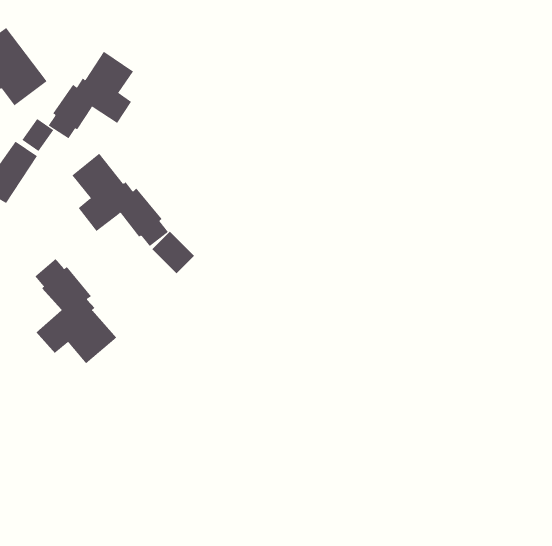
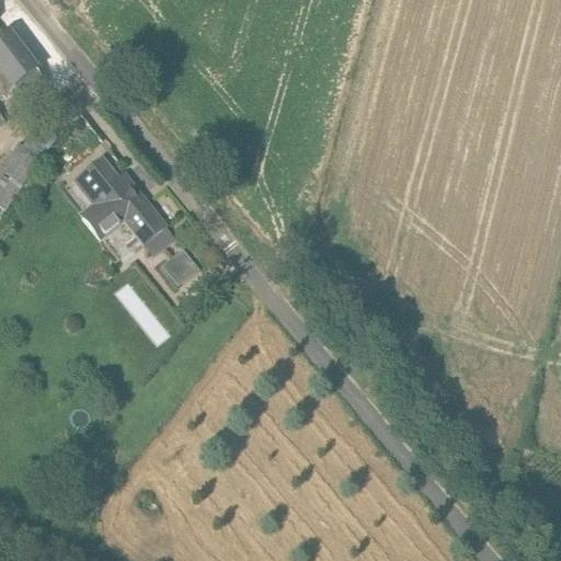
building: [48,51,134,139] -> none
building: [35,258,117,364] -> none

